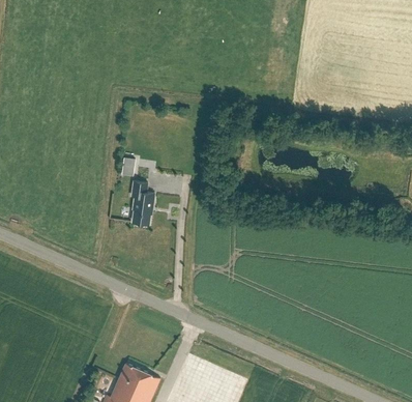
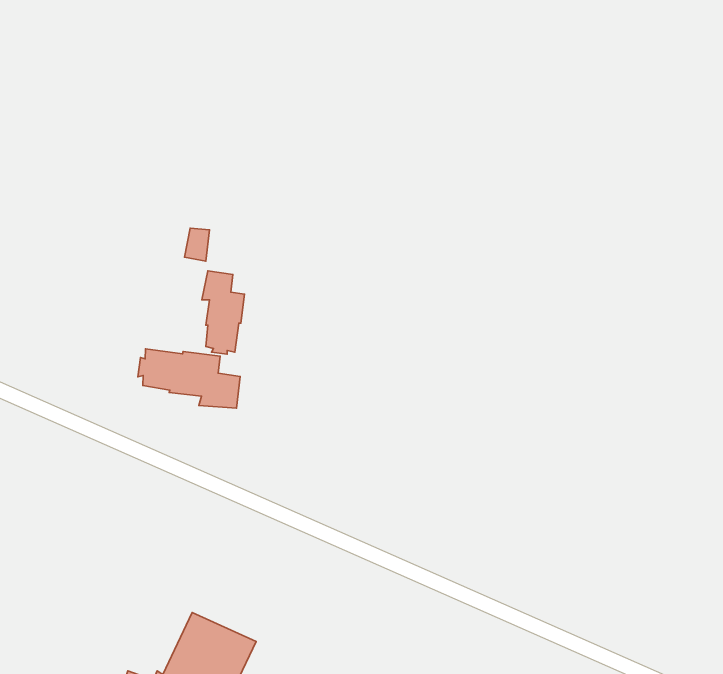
building: none -> [138,349,240,408]

